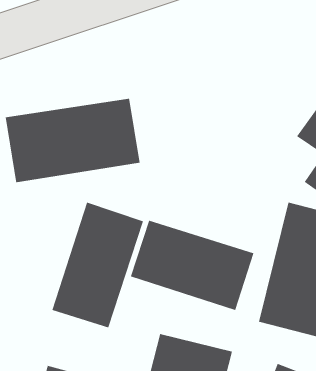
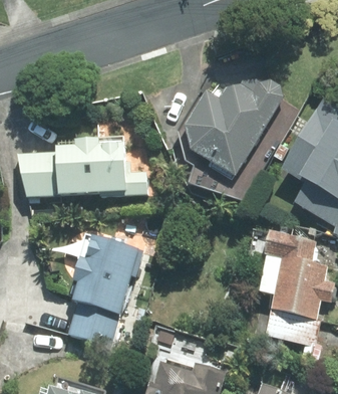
building: none -> [189,59,291,181]
building: [130,220,254,311] -> none

